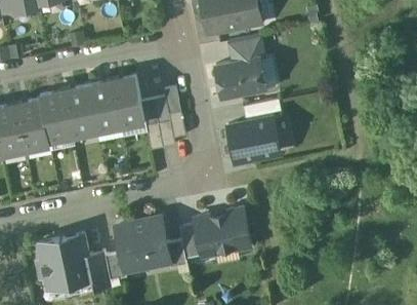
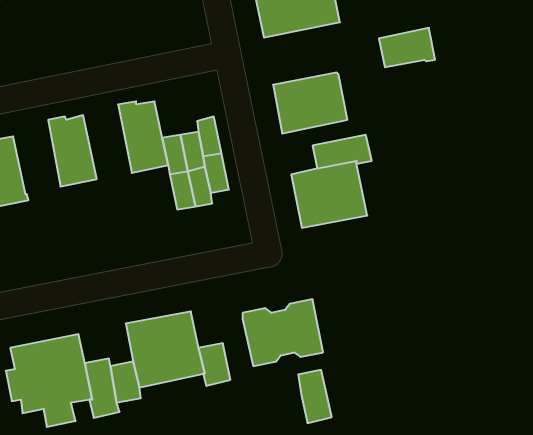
building: [227,36,265,63] -> [379,28,435,67]
building: [87,79,120,129] -> none
building: [39,89,72,140] -> none
building: [179,224,202,260] -> [298,370,332,423]

